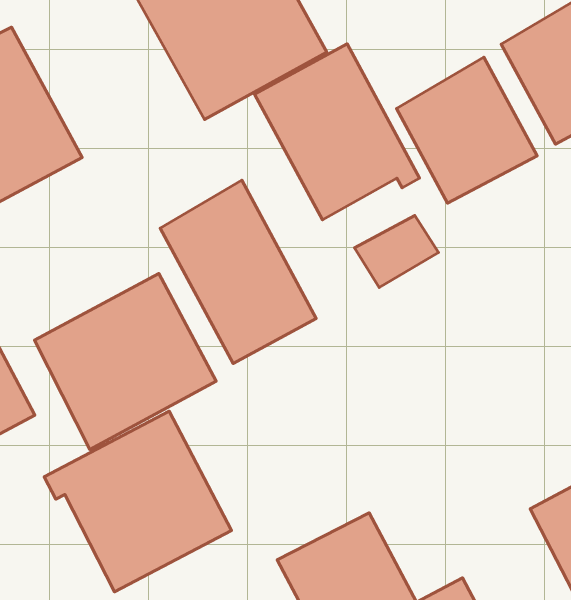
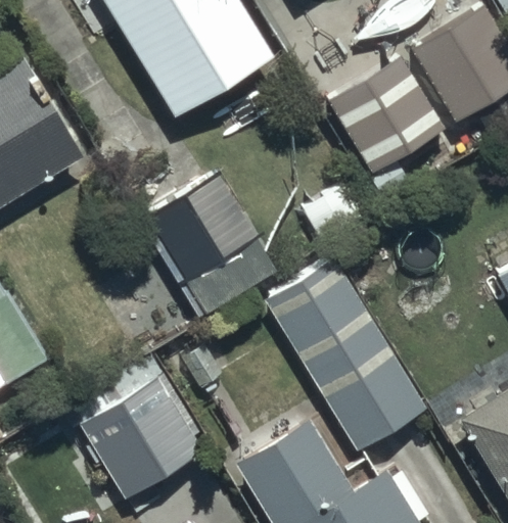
building: [255,44,419,220] -> none
building: [34,273,216,449] -> none
building: none -> [264,260,428,454]

